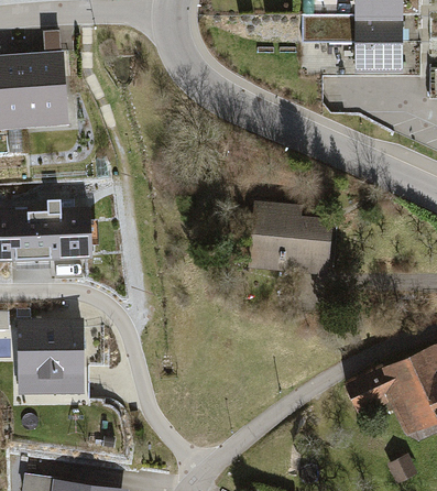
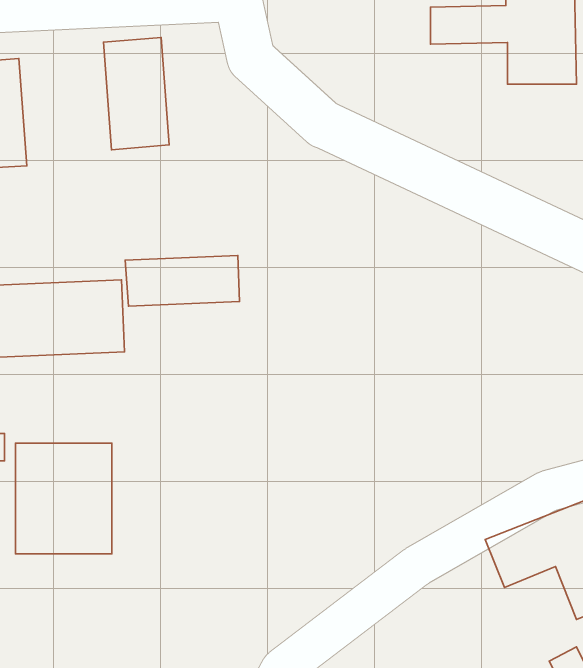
building: [20,50,65,127] -> [103,38,169,150]
building: none -> [125,255,240,306]
building: [243,201,330,279] -> none

